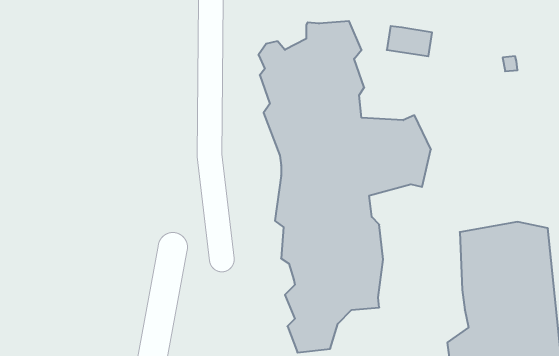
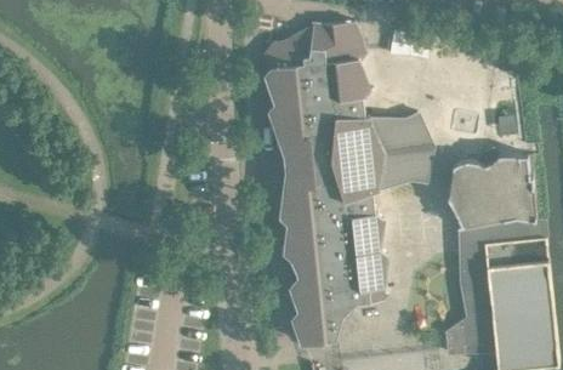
building: none -> [445,144,530,217]

